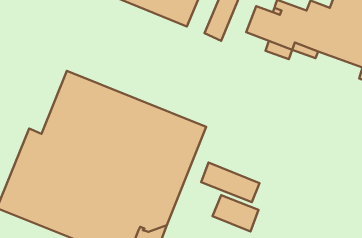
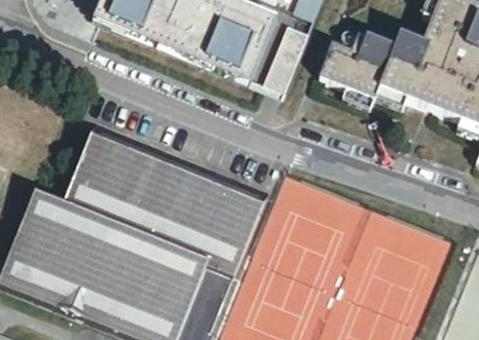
building: [201,163,260,202] -> none
building: [212,195,259,231] -> none

